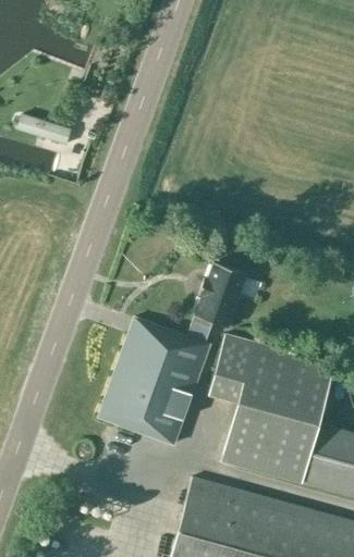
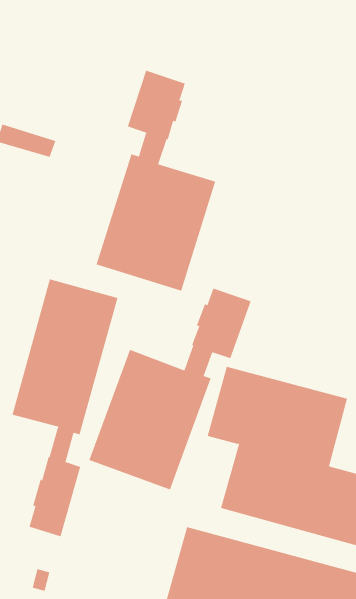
building: none -> [96,70,216,292]
building: none -> [12,279,118,537]

